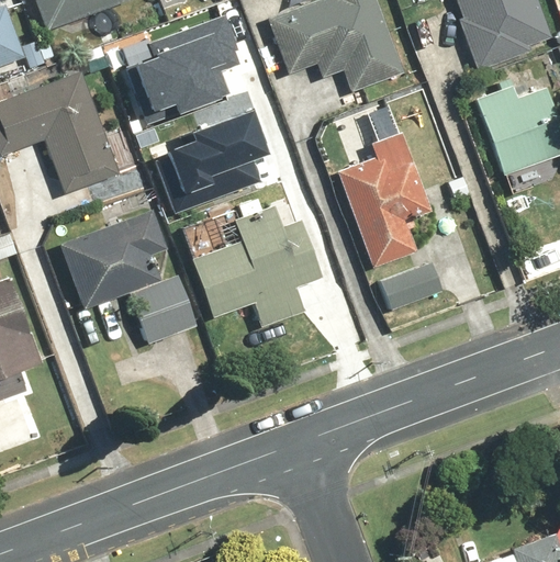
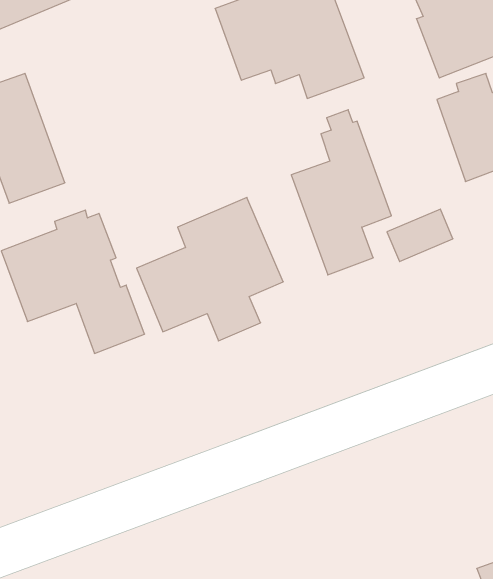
building: [131,13,231,114] -> none
building: [155,105,268,203] -> none
building: [380,261,444,312] -> [387,209,453,262]

